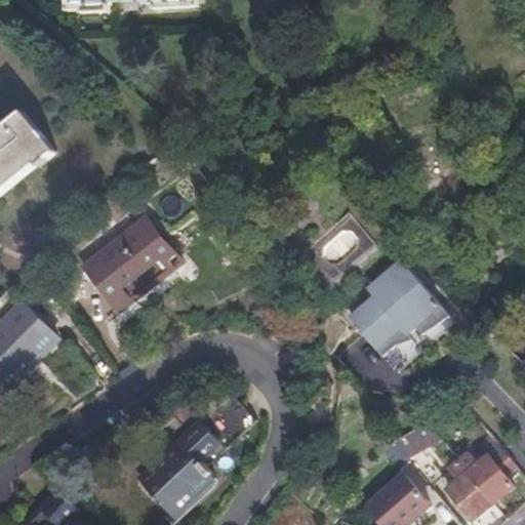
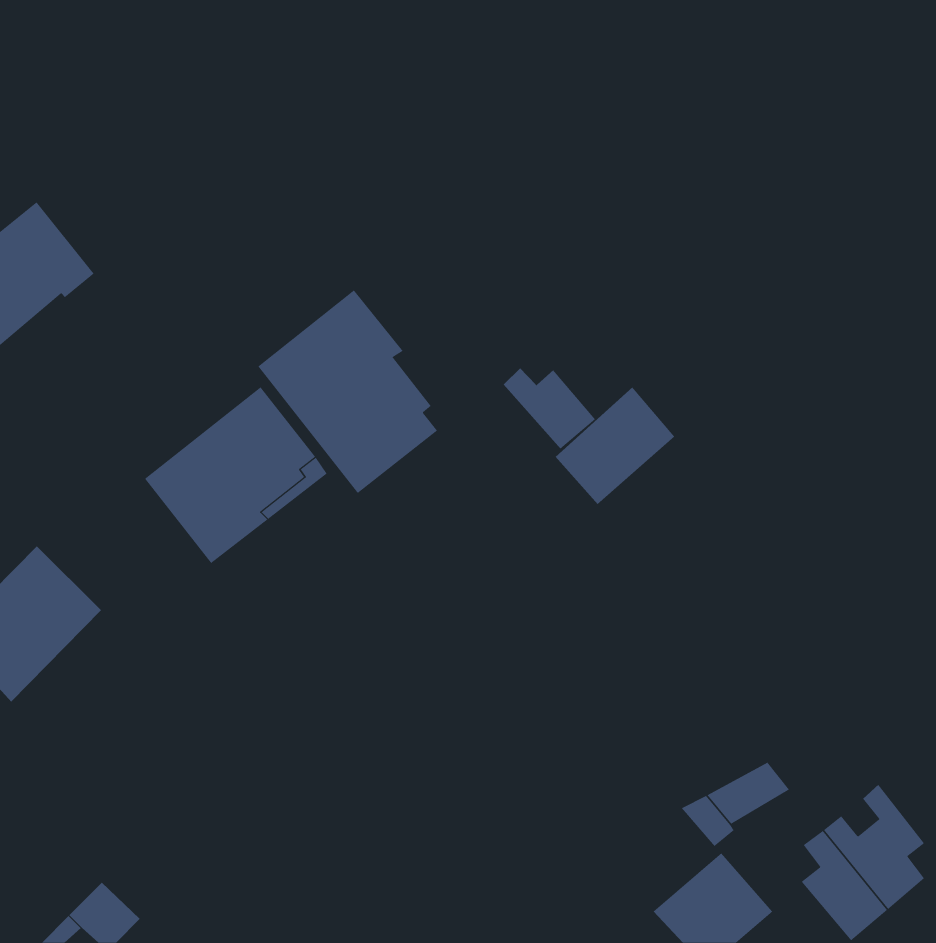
building: none -> [258,290,438,494]
building: none -> [503,368,596,450]
building: [350,258,454,369] -> none
building: [143,393,253,516] -> none

